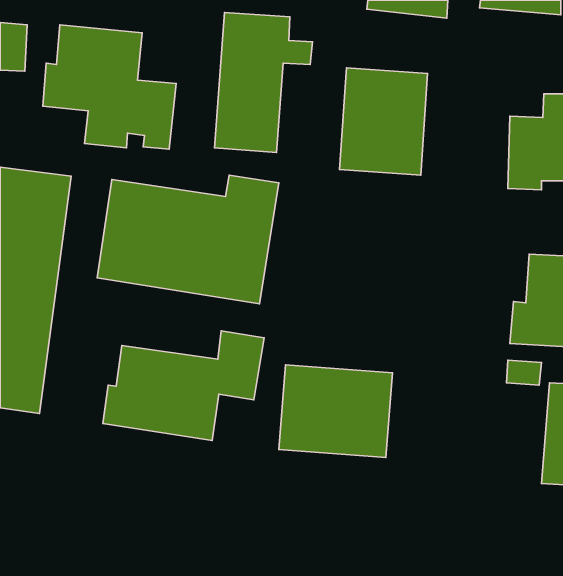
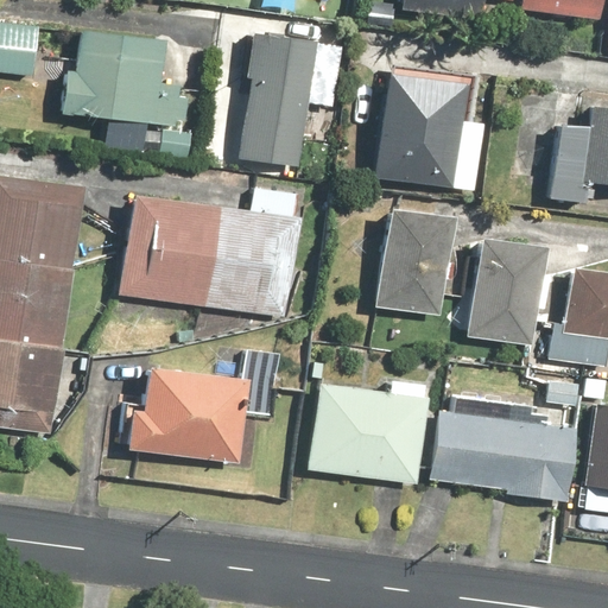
building: none -> [373,203,449,315]
building: none -> [468,239,538,343]
building: none -> [428,395,576,502]

